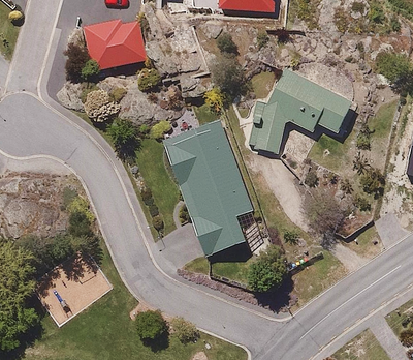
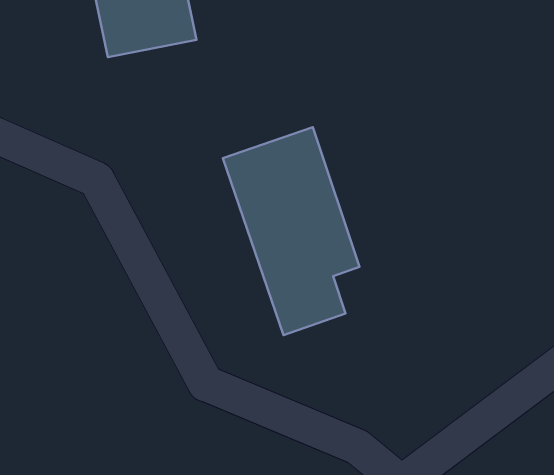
building: [245,68,350,152] -> none

